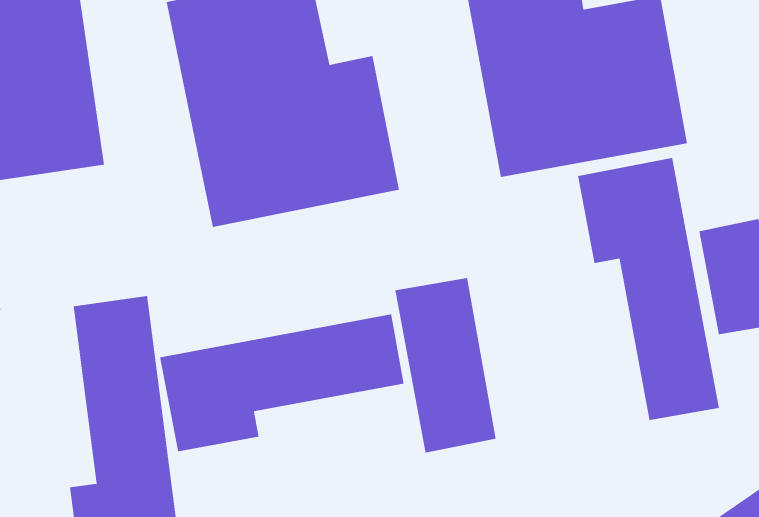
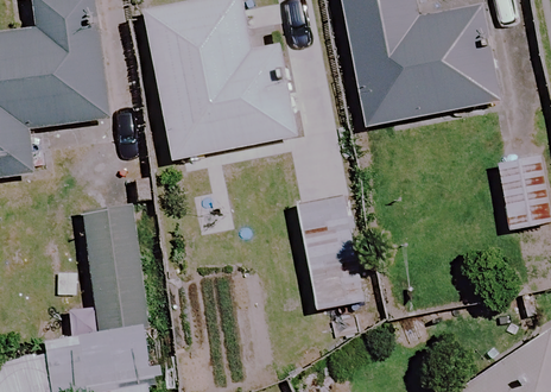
building: [578,157,719,421] -> none
building: [159,314,404,452] -> none

